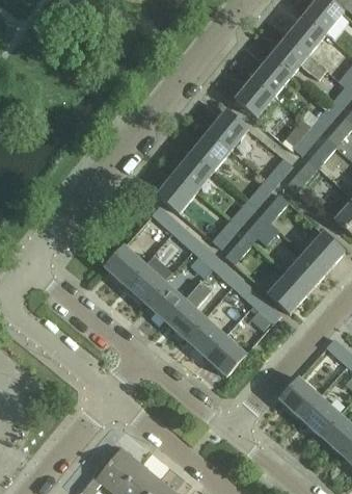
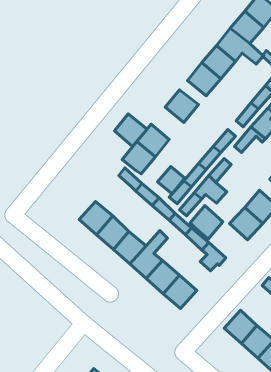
building: [191,131,231,171] -> [114,114,147,146]
building: none -> [157,167,185,194]
building: [268,272,307,313] -> [190,206,223,239]

